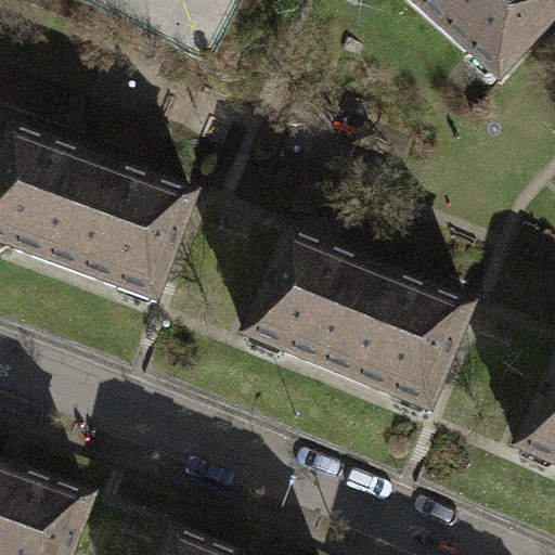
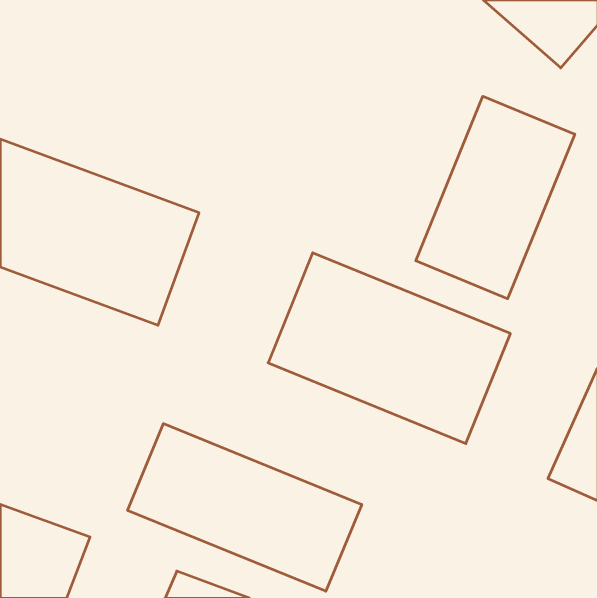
building: none -> [416,96,575,299]
building: none -> [128,424,362,591]

